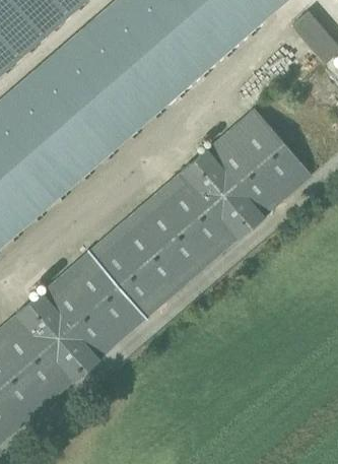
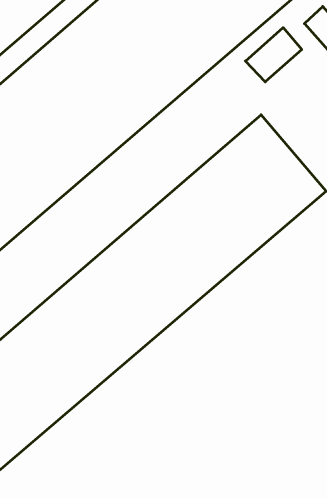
building: none -> [245,28,302,82]

